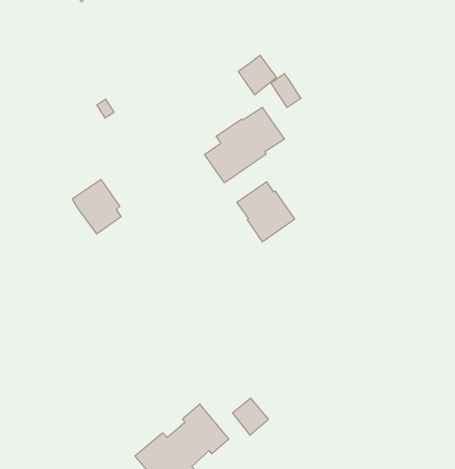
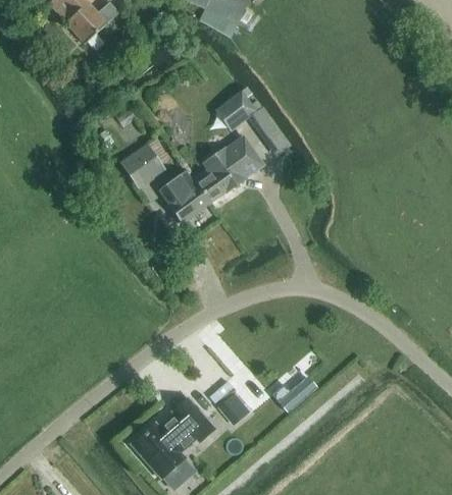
building: [72,180,121,234] -> [121,142,164,189]
building: [237,182,295,242] -> [159,169,210,222]
building: none -> [272,374,313,411]

